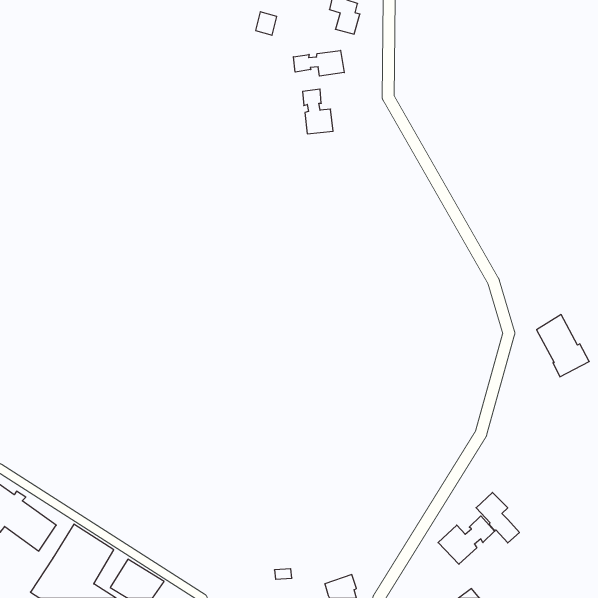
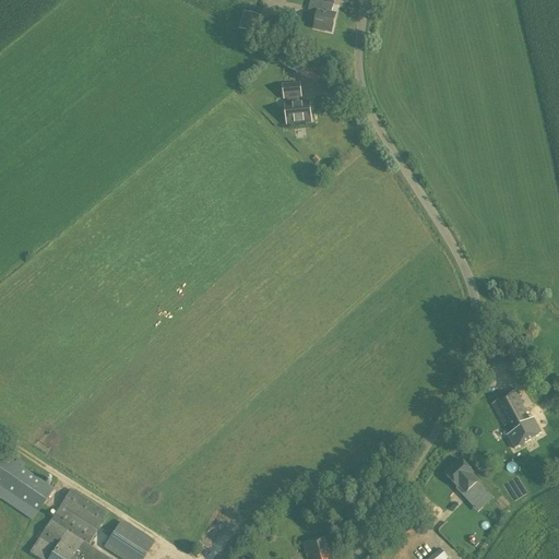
building: [293,50,344,76] -> none
building: [537,315,589,377] -> [491,390,540,448]
building: [438,516,495,564] -> none

